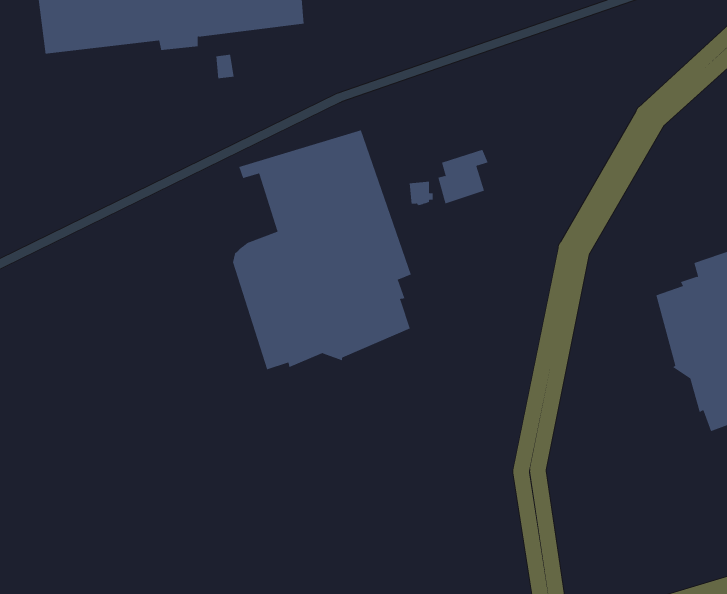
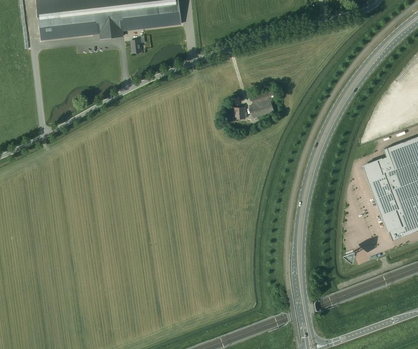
building: [232,129,411,370] -> none

